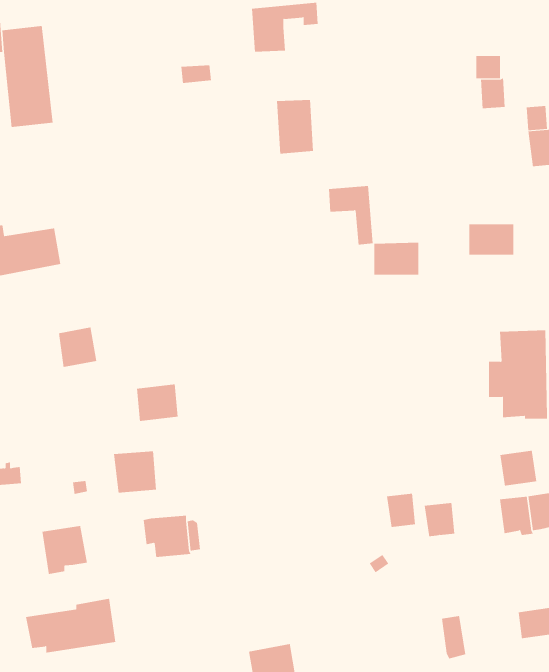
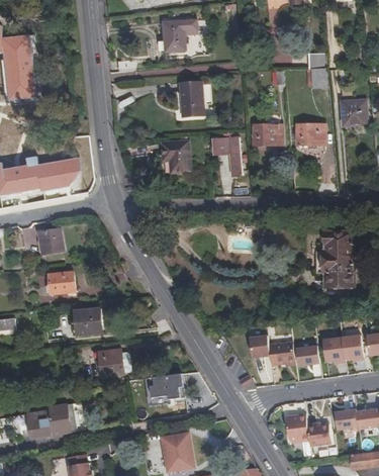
building: none -> [162,141,190,173]
building: none -> [36,158,80,191]
building: [469,224,514,255] -> [296,124,325,145]
building: [374,242,419,275] -> [253,124,282,146]
building: [136,384,179,422] -> [48,271,75,295]
building: [499,450,537,486] -> [295,343,319,366]
building: [42,525,87,575] -> none
building: none -> [145,374,183,402]
building: none -> [306,423,330,446]

